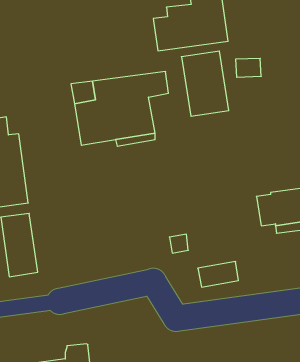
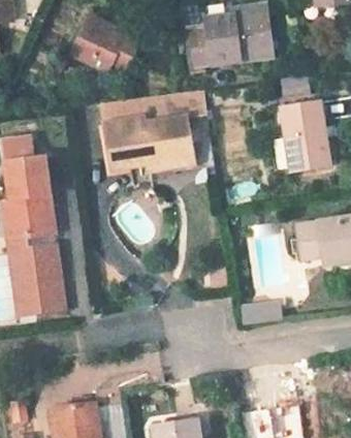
building: none -> [71,17,139,73]
building: [181,51,229,116] -> [279,102,330,174]

